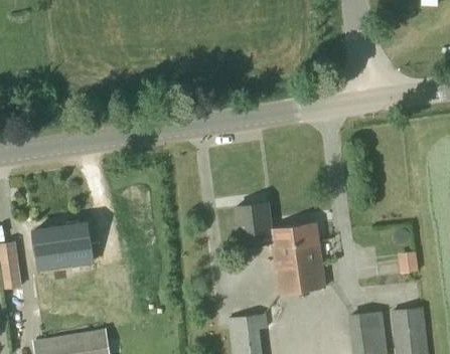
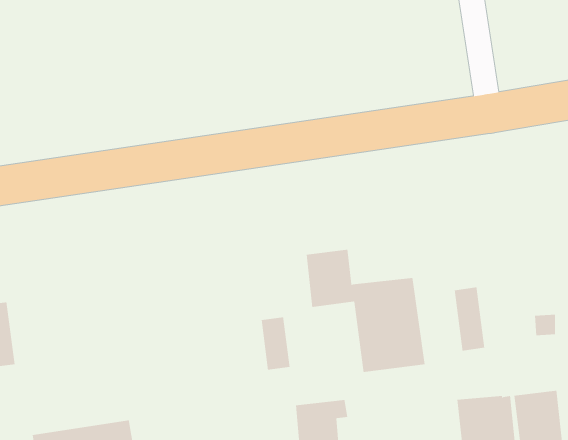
building: [32,227,84,257] -> none
building: none -> [454,287,485,351]
building: none -> [261,316,290,370]

